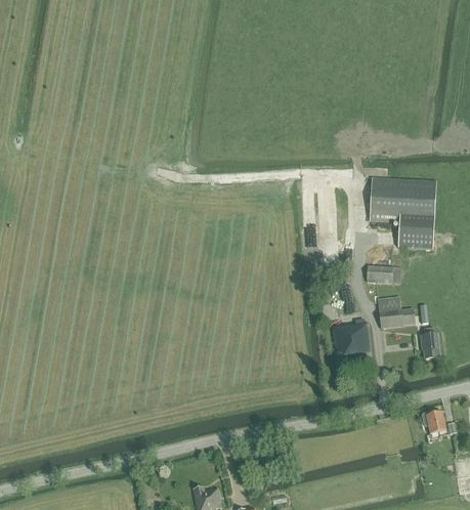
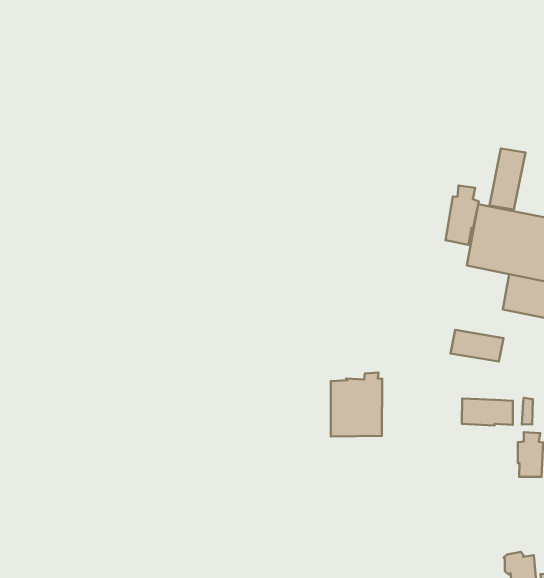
building: none -> [490,149,525,210]
building: none -> [446,185,479,245]
building: [332,317,372,366] -> [331,372,382,437]

